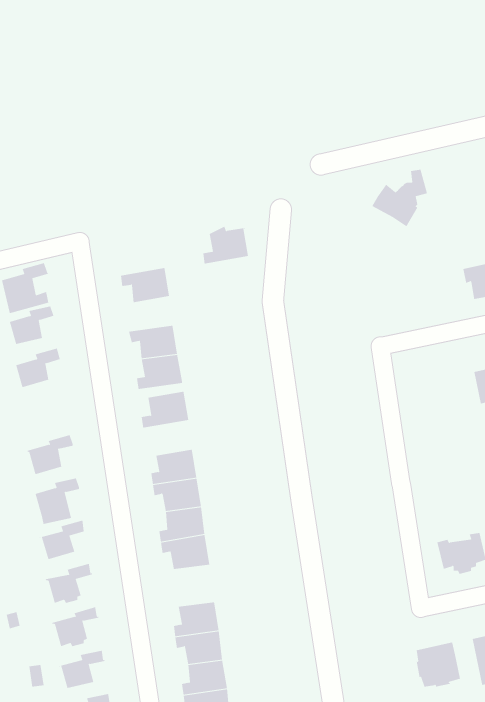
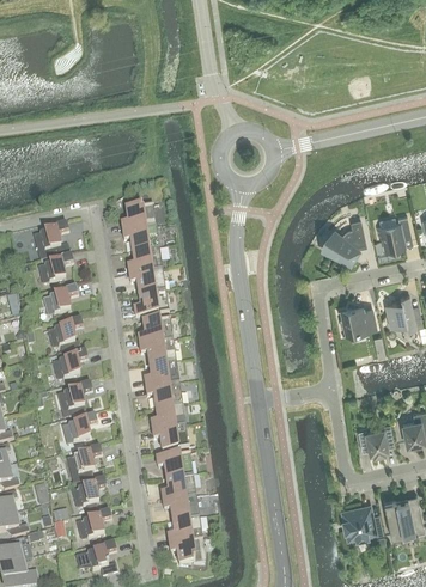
building: [371,169,428,227] -> [322,218,364,261]
building: [202,226,249,264] -> [120,201,154,230]
building: none -> [126,245,160,271]
building: none -> [336,302,376,332]
building: none -> [47,316,83,350]
building: none -> [138,337,175,363]
building: none -> [154,451,191,476]

